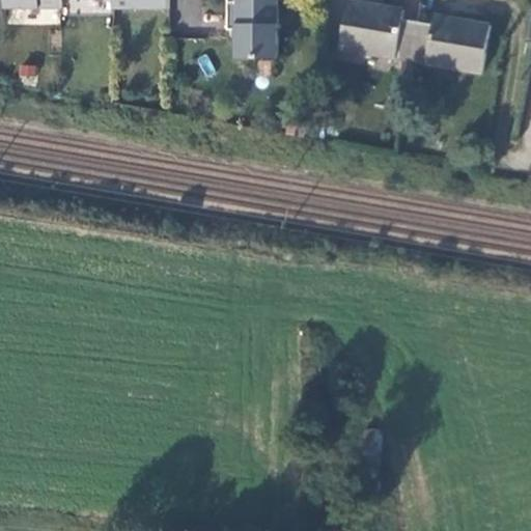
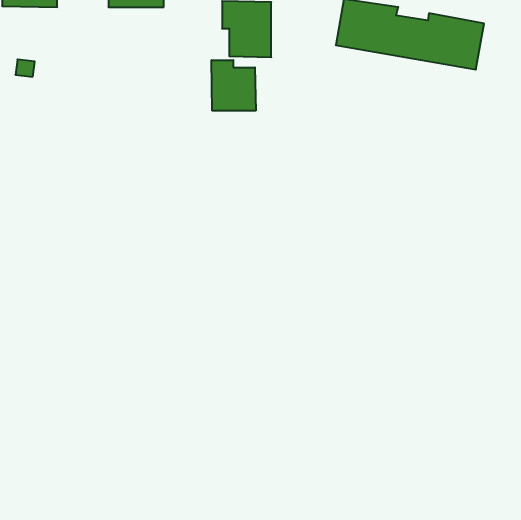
building: none -> [212,60,256,111]

